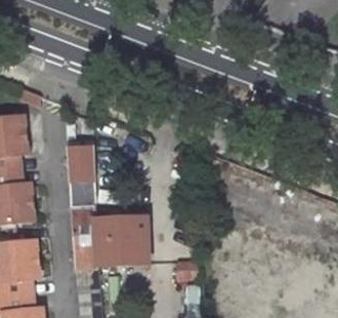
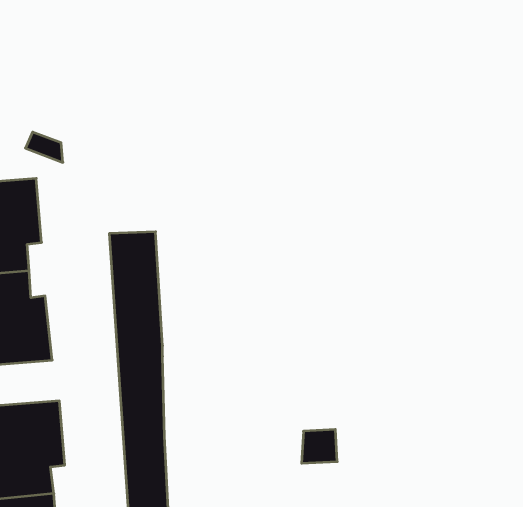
building: [96,209,147,263] -> none

